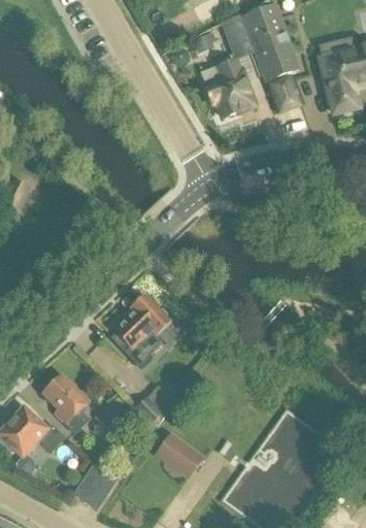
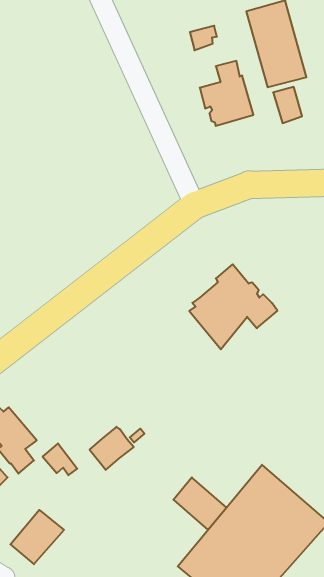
building: [224,15,252,56] -> none
building: [110,293,187,367] -> [189,264,277,349]
building: [155,433,201,477] -> [173,477,226,530]

